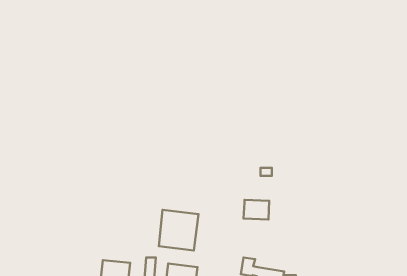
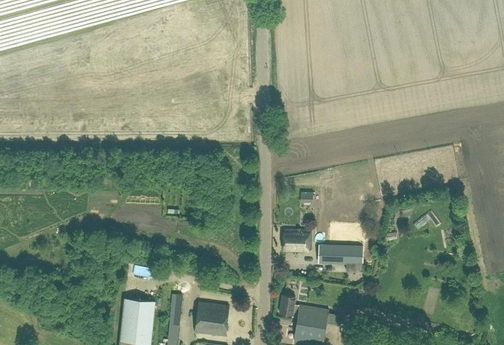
building: [159,210,199,250] -> none
building: none -> [318,244,355,264]

